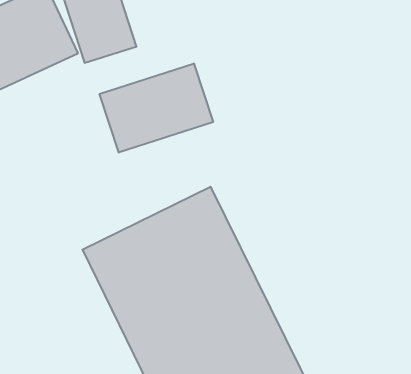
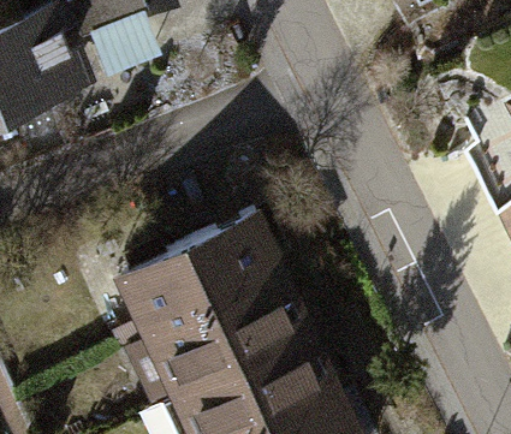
building: [100,63,213,153] -> none

